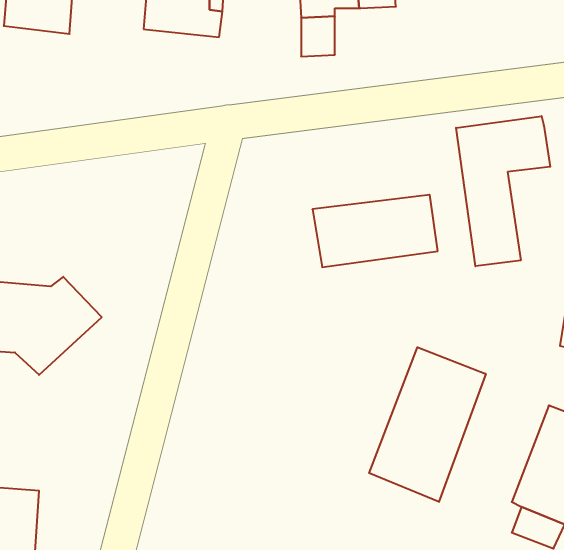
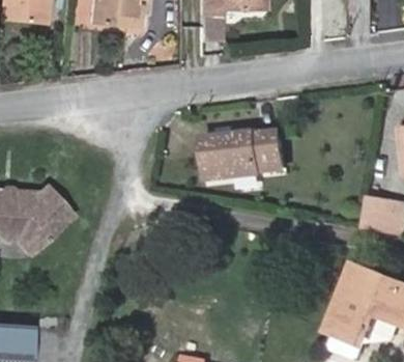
building: [456,116,550,266] -> none
building: [369,347,486,502] -> none

